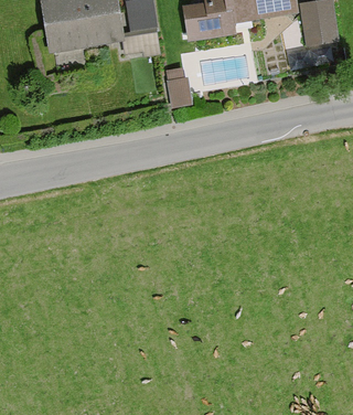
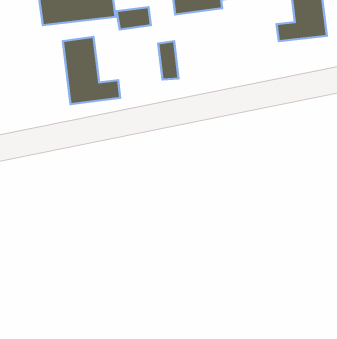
building: none -> [63,37,120,104]

